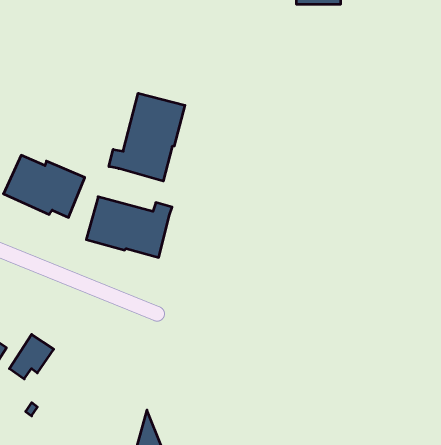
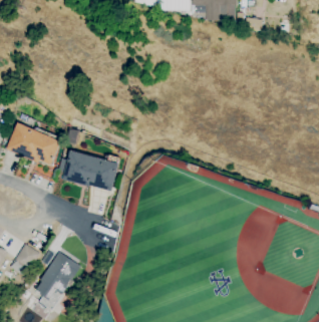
building: [109,93,185,181] -> none
building: none -> [35,252,82,310]

